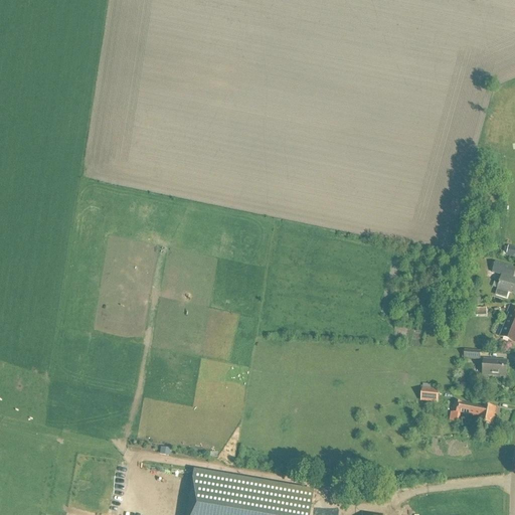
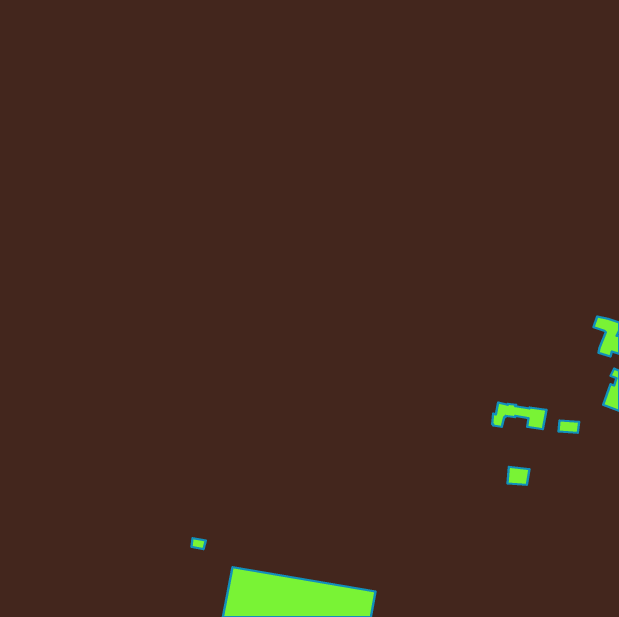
building: [483,358,507,376] -> none
building: [450,401,495,423] -> [492,402,547,429]

